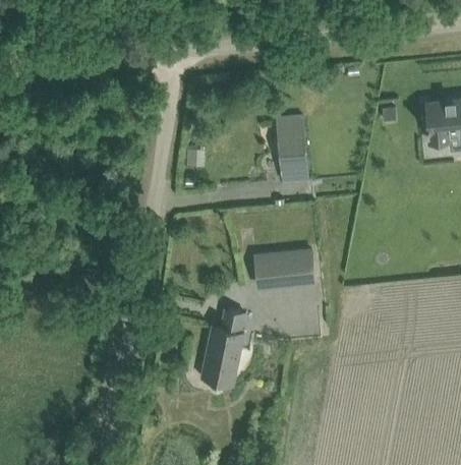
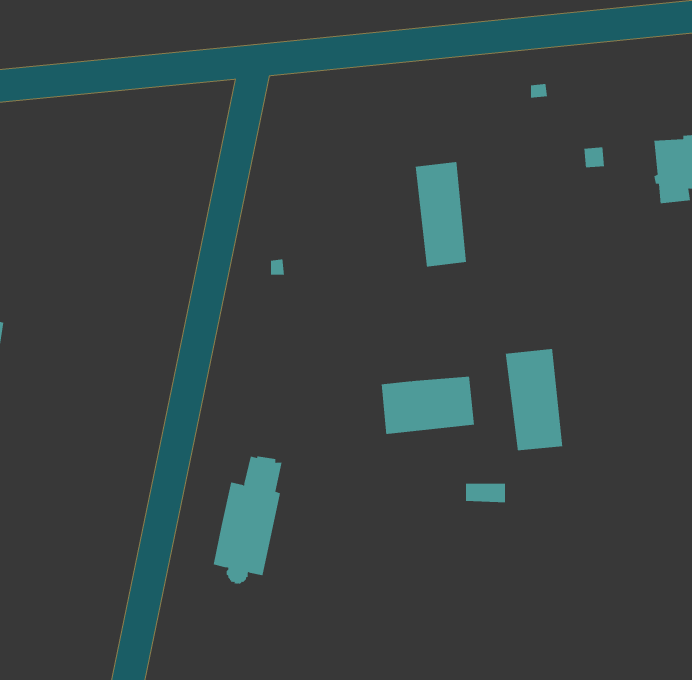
building: none -> [505,348,563,451]
building: [201,309,245,390] -> [213,456,283,584]

